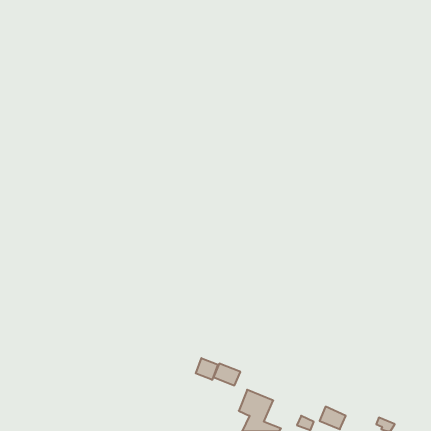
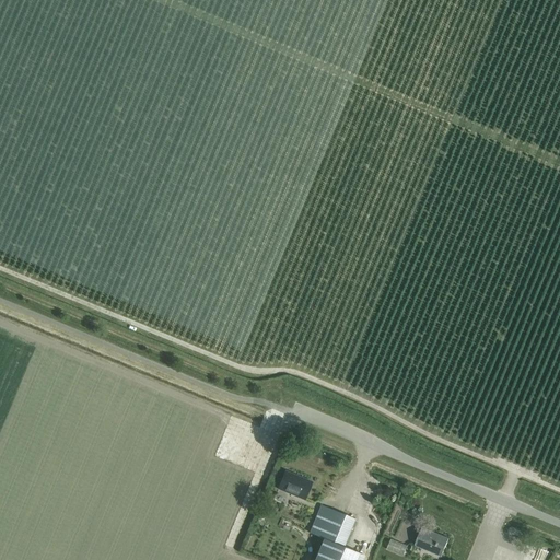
building: [196,358,218,380] -> none

